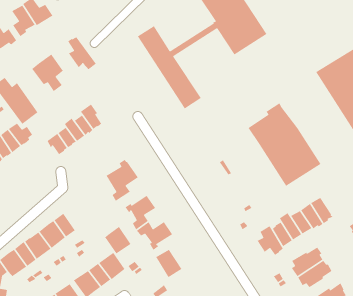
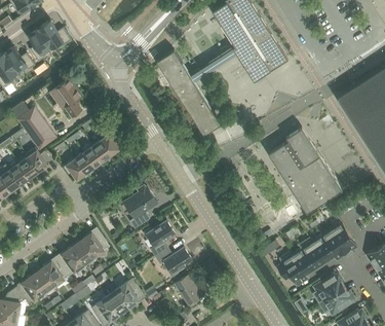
building: [67,36,97,70] -> none
building: [104,226,131,254] -> [82,228,110,257]

